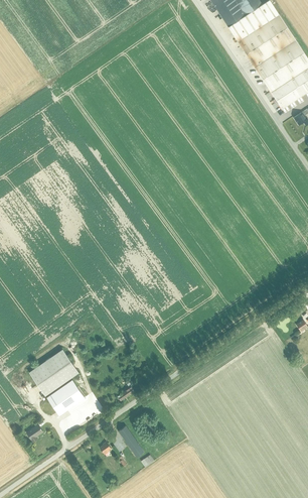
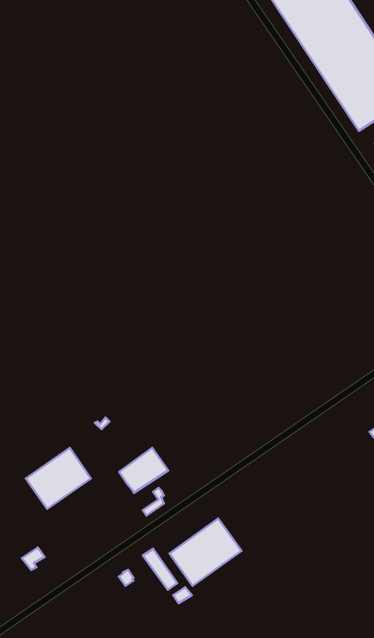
building: [47,380,85,414] -> [119,448,168,493]
building: none -> [169,518,241,586]

